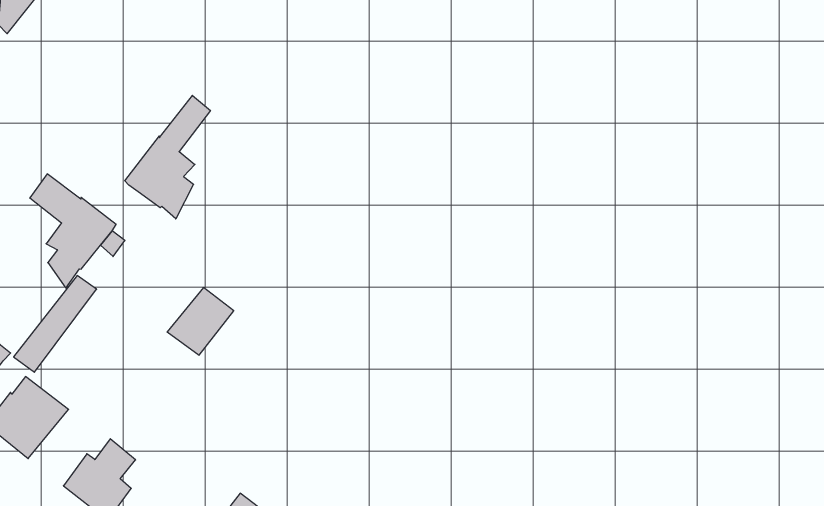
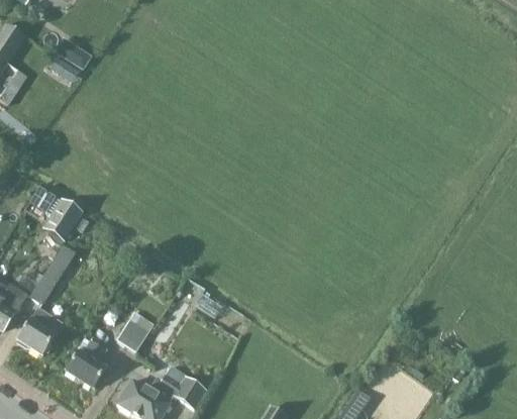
building: [125,95,210,219] -> none
building: [167,287,234,355] -> [115,311,153,351]

